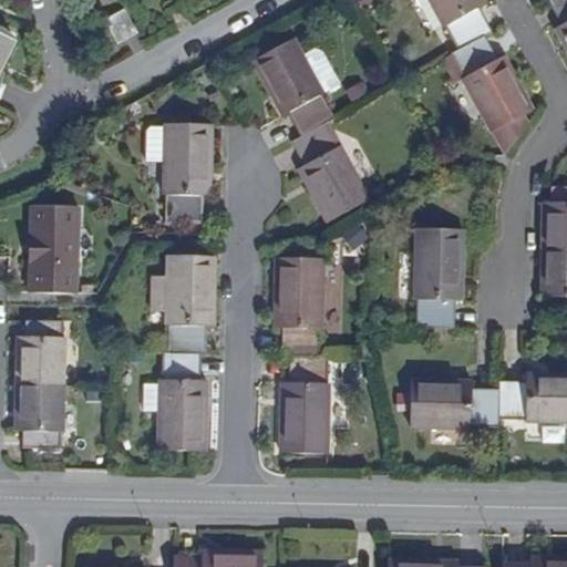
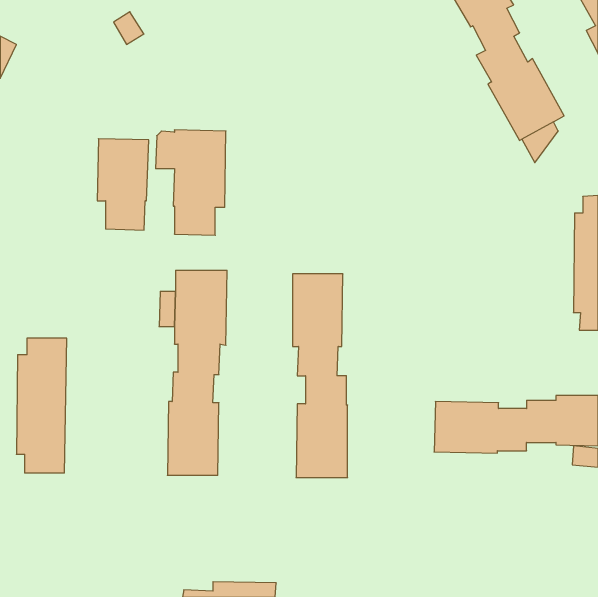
building: [251,39,368,221] -> none
building: [30,206,79,292] -> [97,139,149,230]
building: [415,228,463,327] -> none

